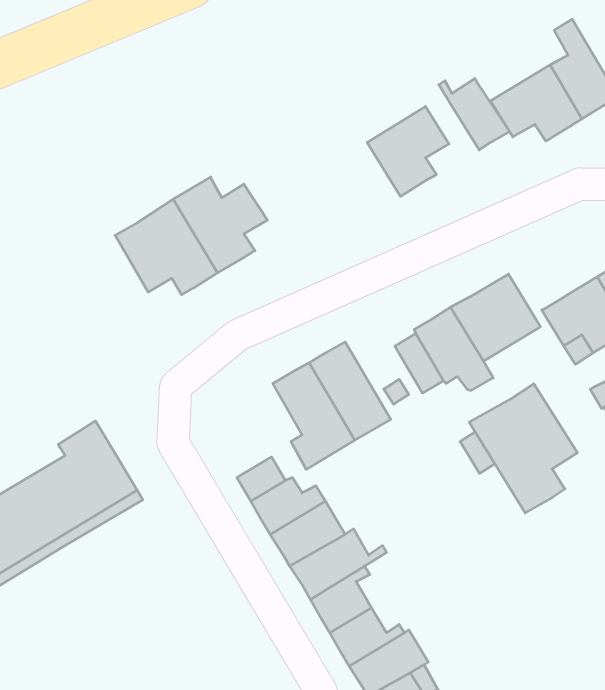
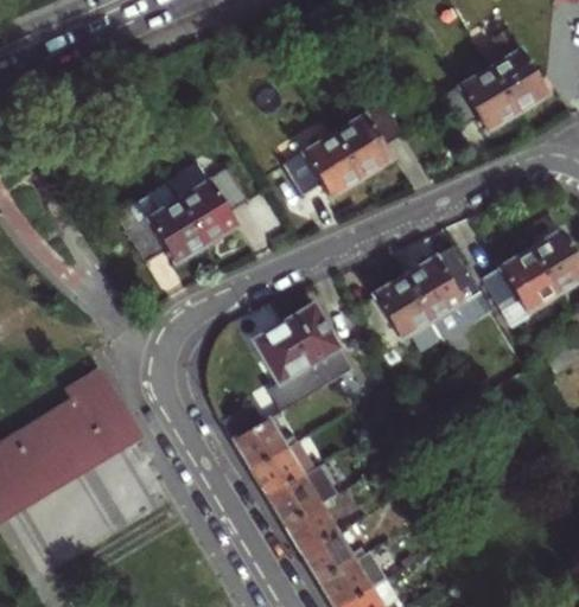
building: [439,78,509,150] -> none
building: none -> [284,132,362,197]
building: [469,384,577,513] -> none

